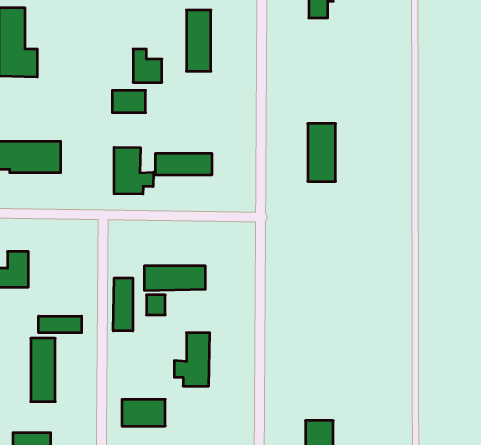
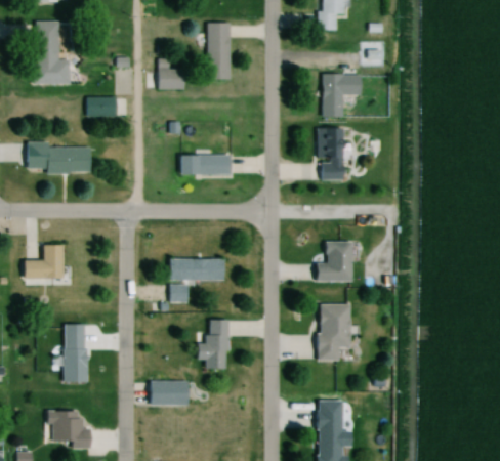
building: none -> [323,74,363,117]
building: [112,90,146,113] -> [87,95,118,116]
building: [114,147,154,194] -> none
building: none -> [316,242,353,282]
building: [113,278,133,331] -> none
building: [39,316,82,333] -> none
building: none -> [318,304,350,360]

